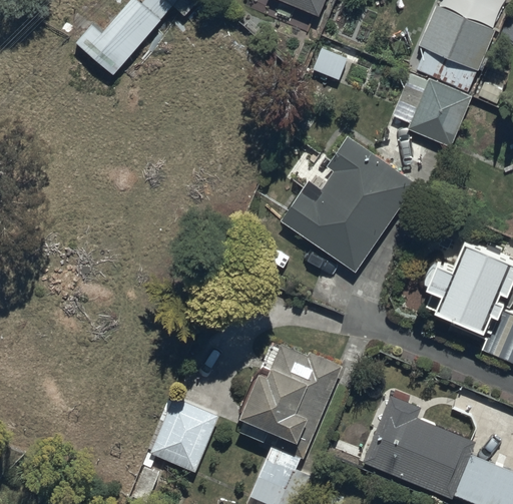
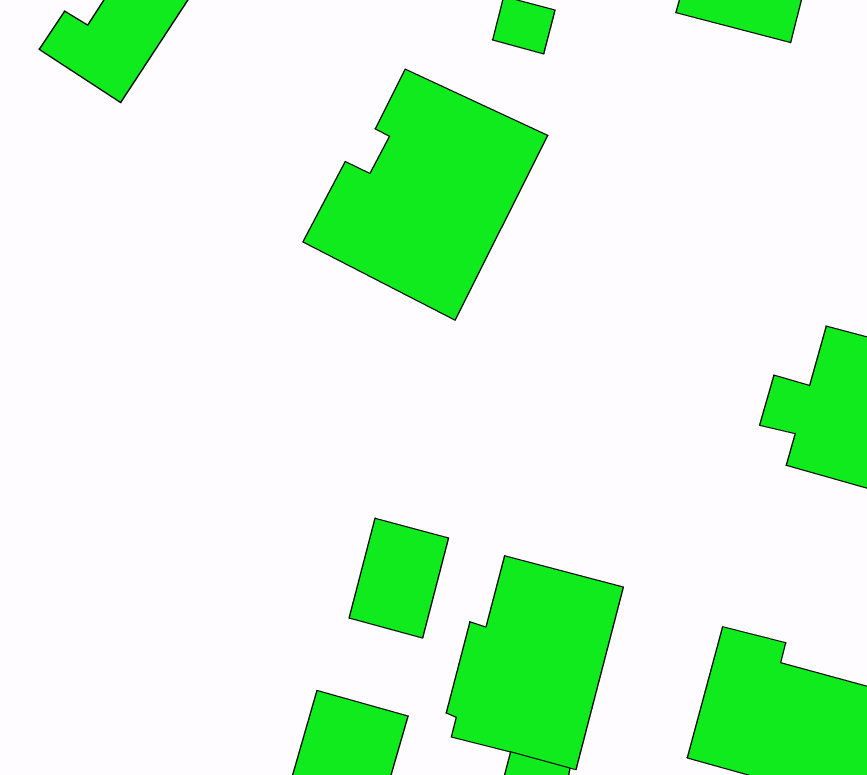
building: [391,69,472,145] -> none
building: [282,136,418,272] -> [303,69,548,320]
building: none -> [349,518,449,638]

